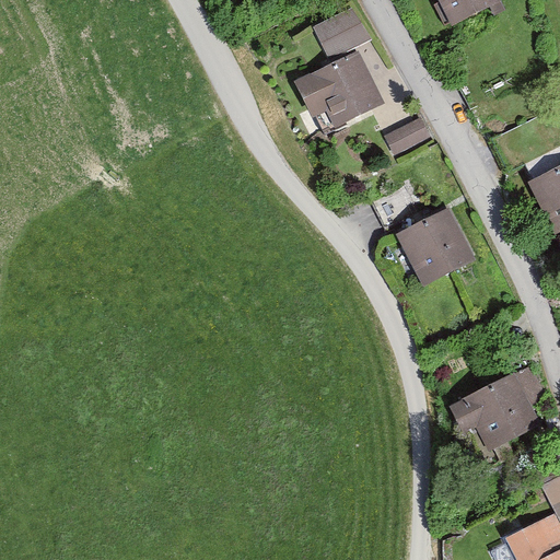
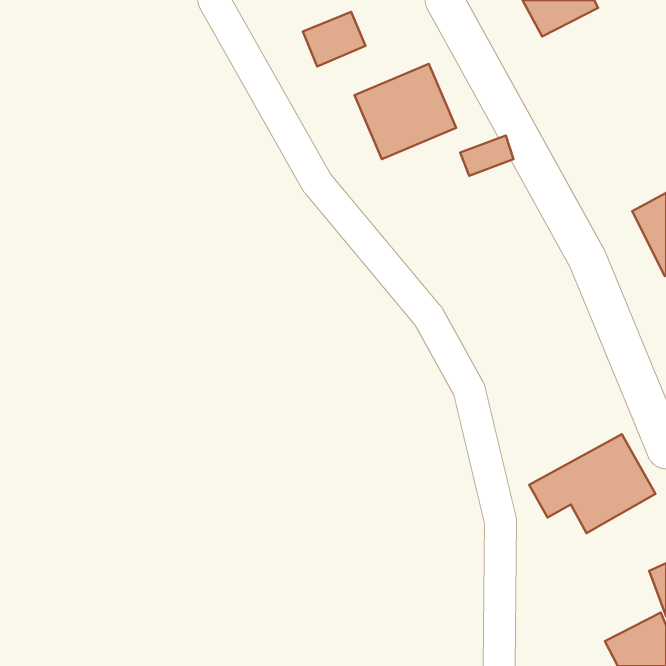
building: [315,10,368,56] -> [303,12,365,67]
building: [393,207,479,289] -> none

